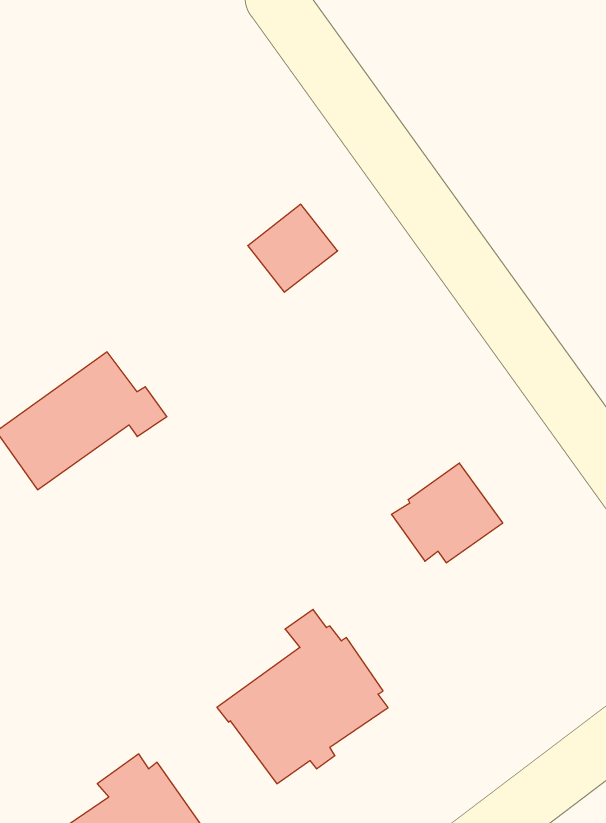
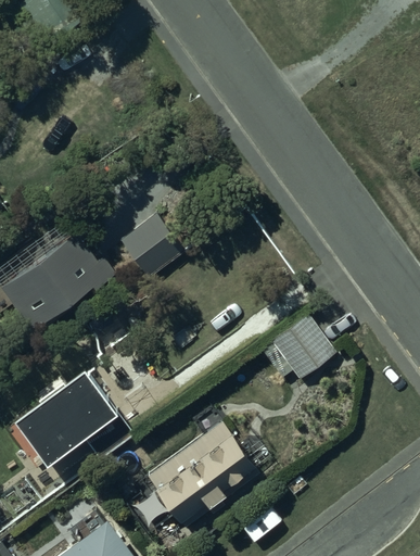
building: [248,204,338,292] -> [120,215,179,273]
building: none -> [13,372,129,469]

